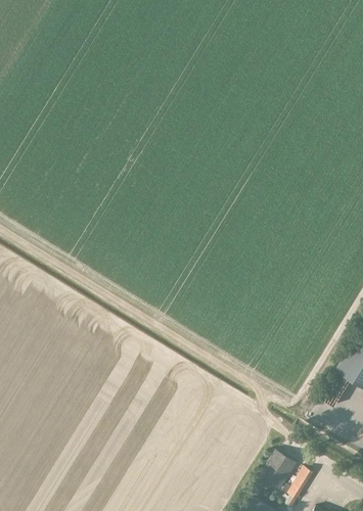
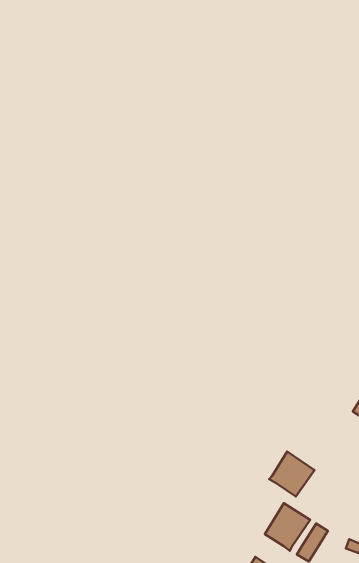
building: none -> [269,452,315,497]

